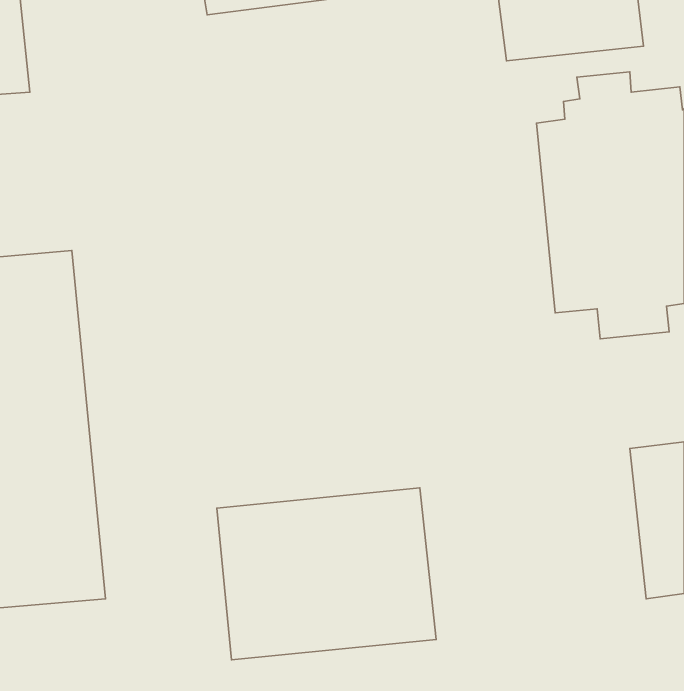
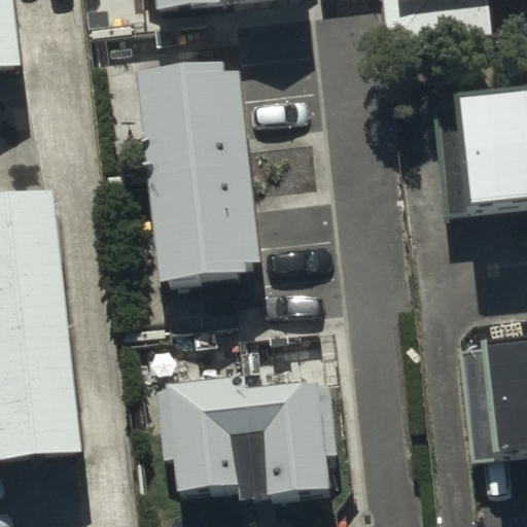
building: none -> [137,60,260,280]

